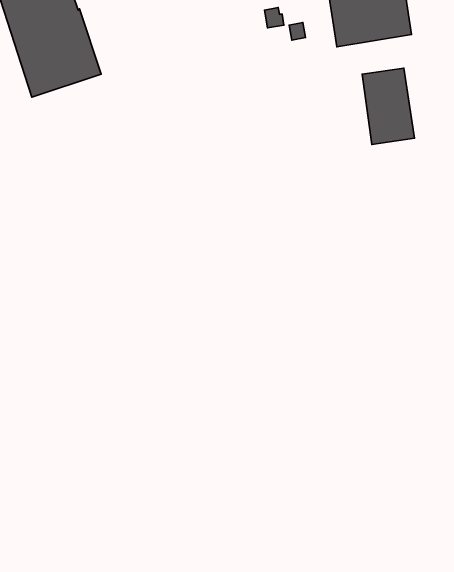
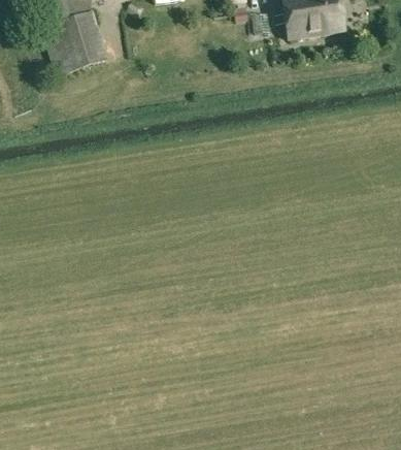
building: [362,68,415,144] -> none

